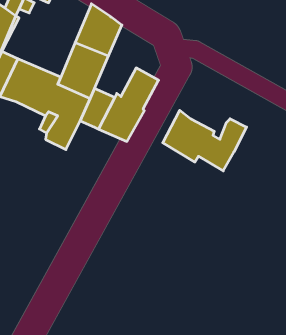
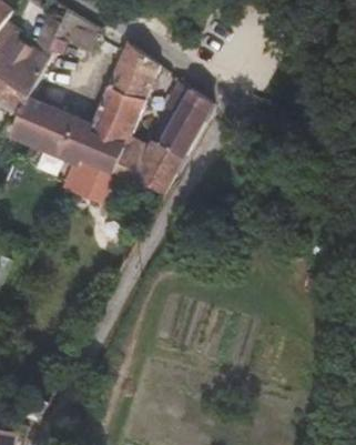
building: none -> [164,81,212,128]
building: [163,110,247,171] -> none

